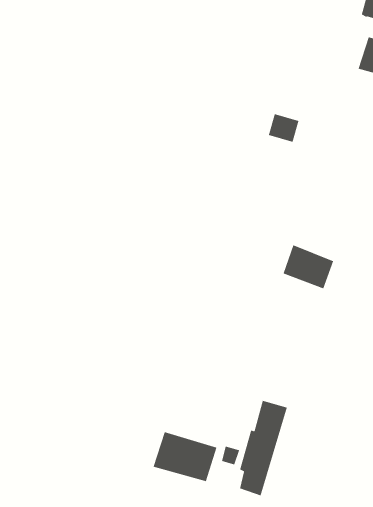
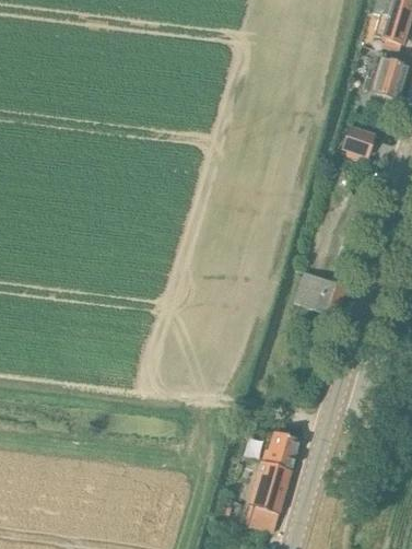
building: [268,113,300,143] -> [342,126,375,156]
building: [152,431,217,482] -> none

